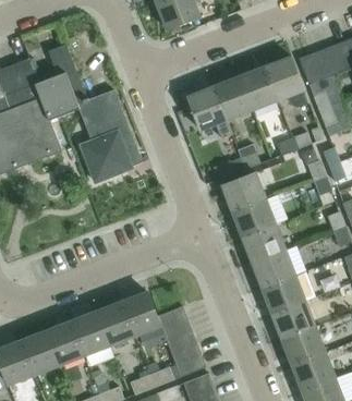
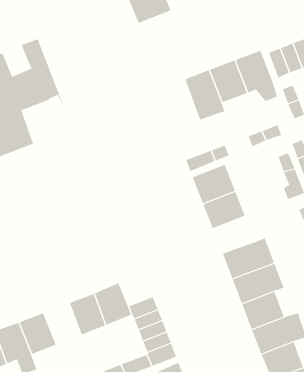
building: [187,86,232,138] -> none
building: [81,90,142,182] -> none
building: [242,224,286,263] -> none
building: [71,313,109,355] -> none

